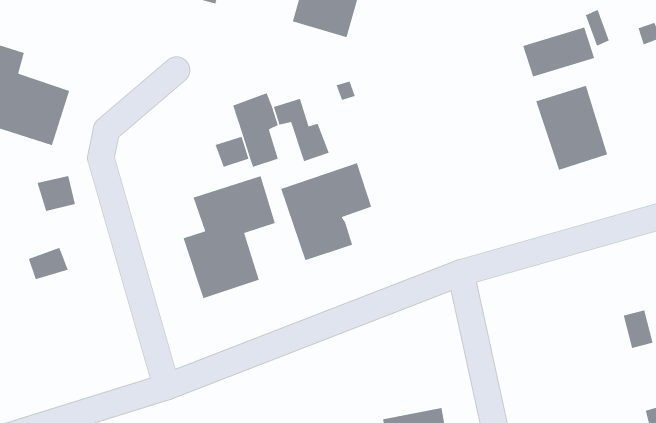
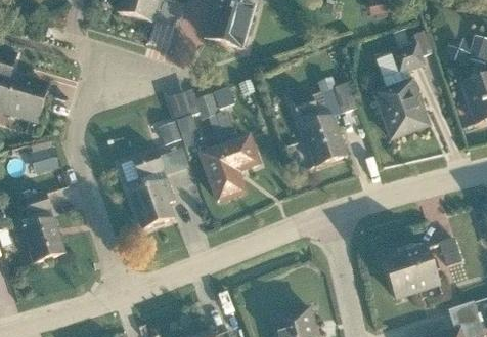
building: none -> [292,64,355,169]
building: none -> [32,217,67,262]
building: none -> [381,244,443,301]

